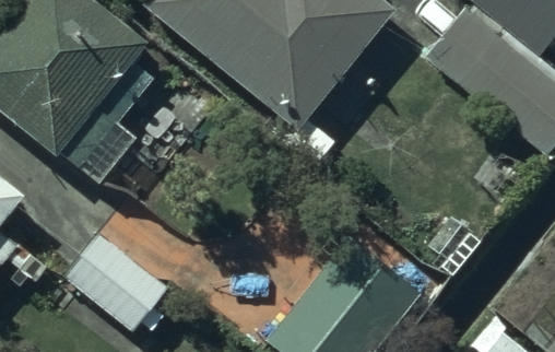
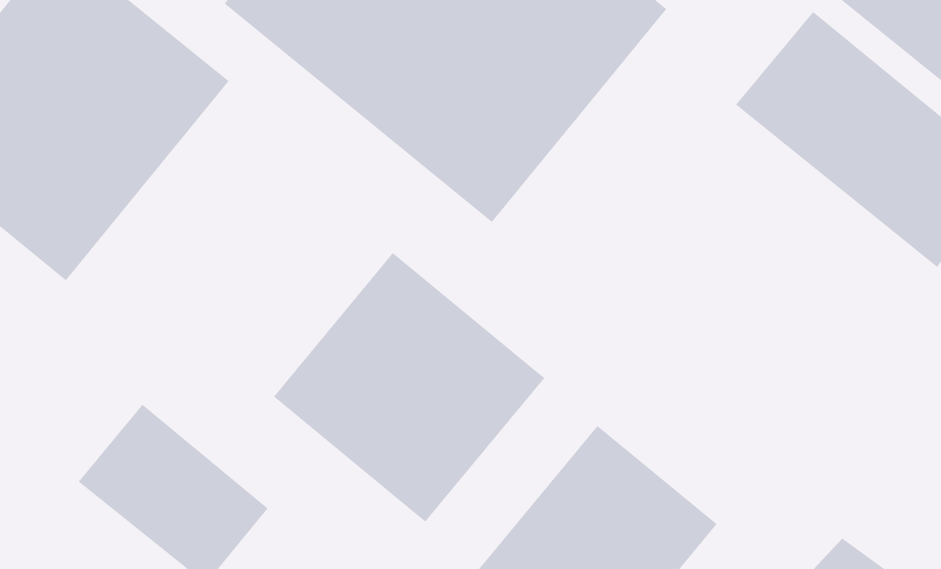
building: none -> [273,252,545,523]

